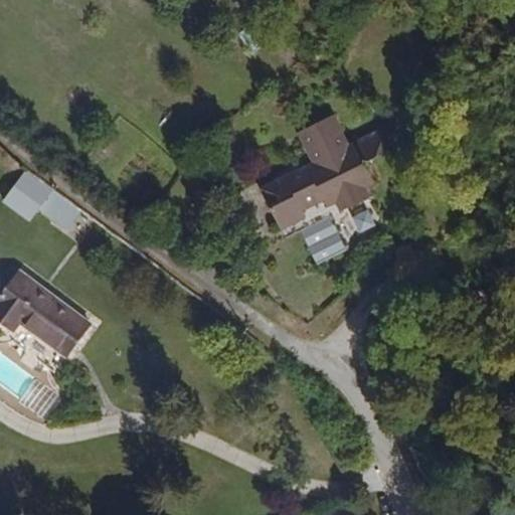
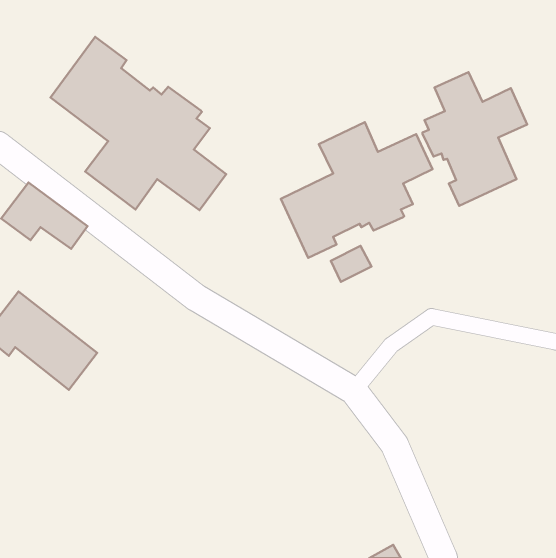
building: none -> [50,37,226,210]
building: none -> [422,72,527,206]

